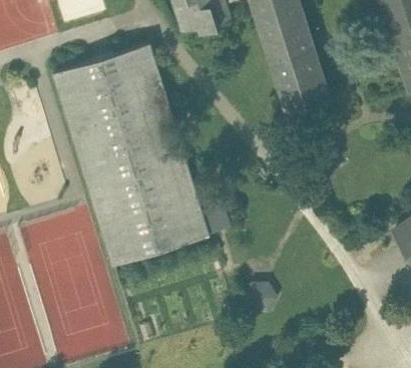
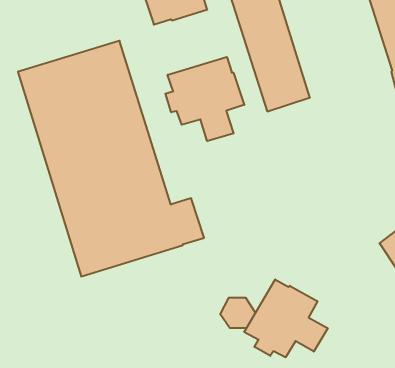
building: none -> [165,57,244,141]
building: none -> [244,279,328,357]

